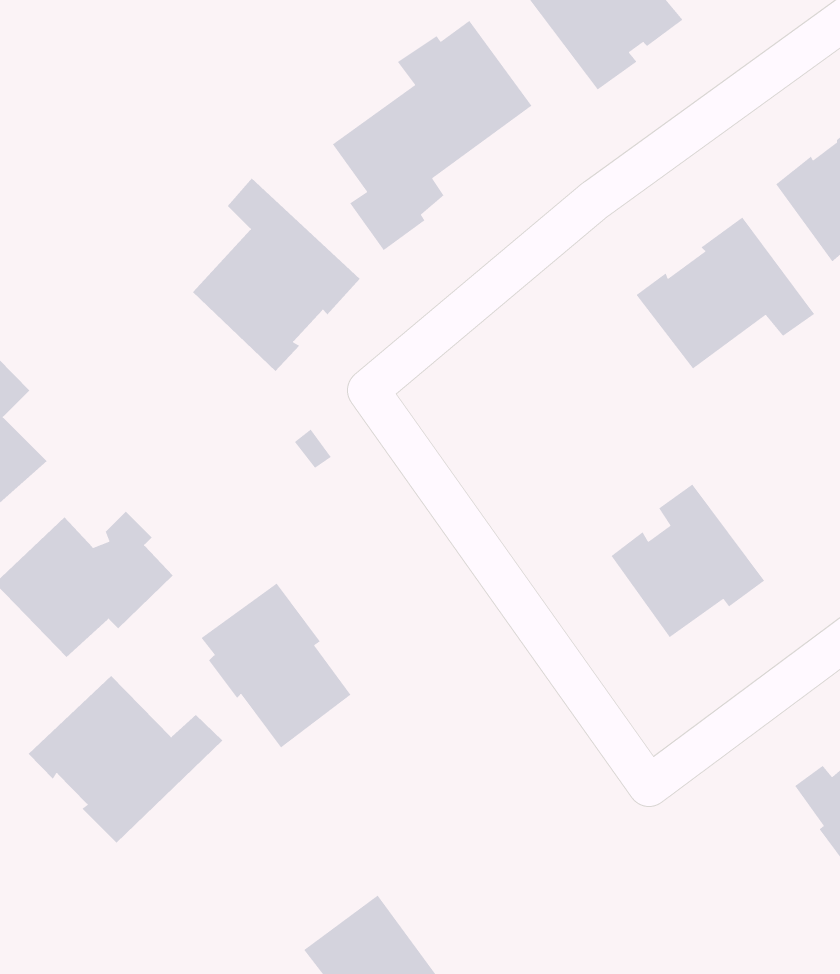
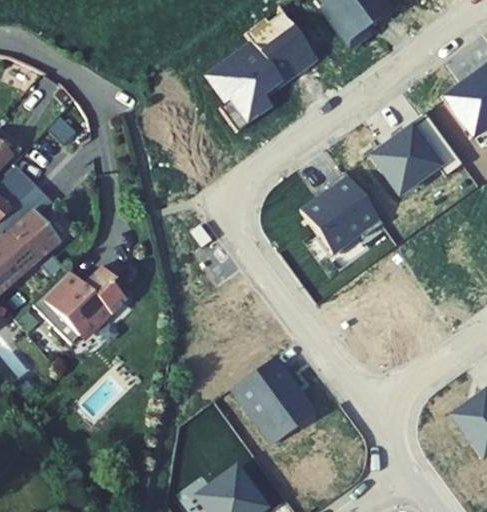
building: [192,177,360,372] -> none
building: [610,483,765,638] -> [301,173,382,254]
building: [201,582,351,748] -> [234,357,313,444]
building: [28,675,223,844] -> none

